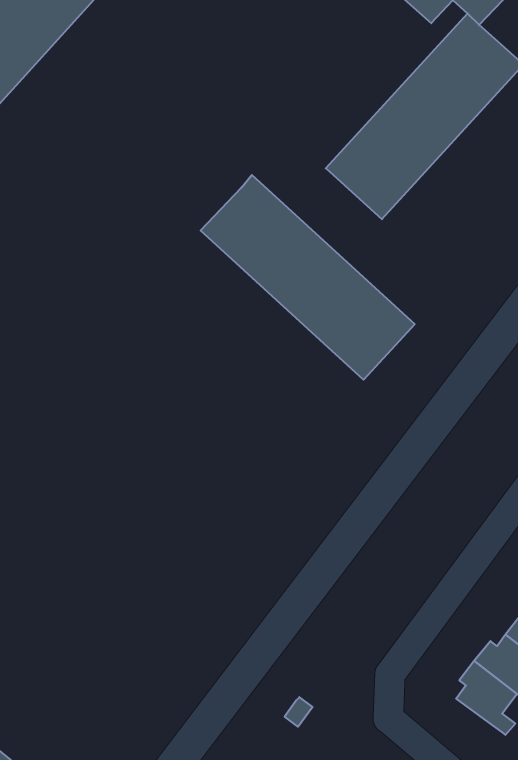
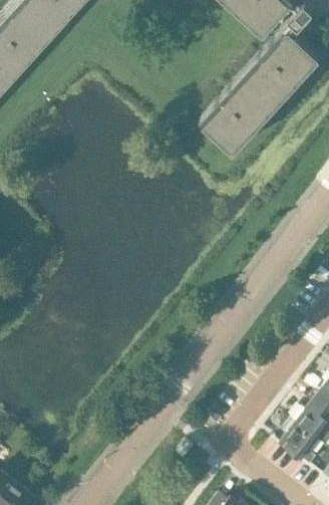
building: [201,175,415,380] -> none

